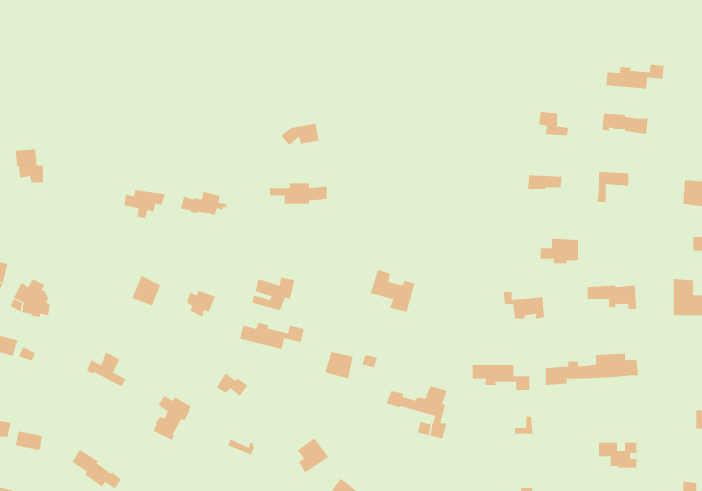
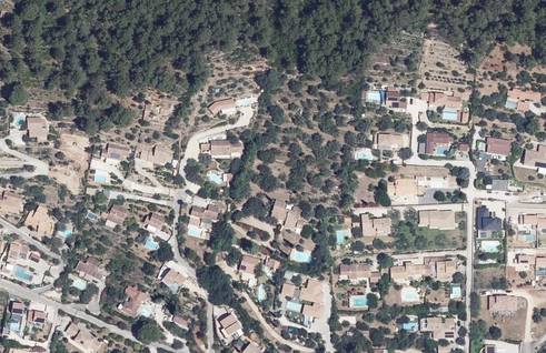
building: [606,64,664,89] -> none
building: [240,322,304,350] -> none

